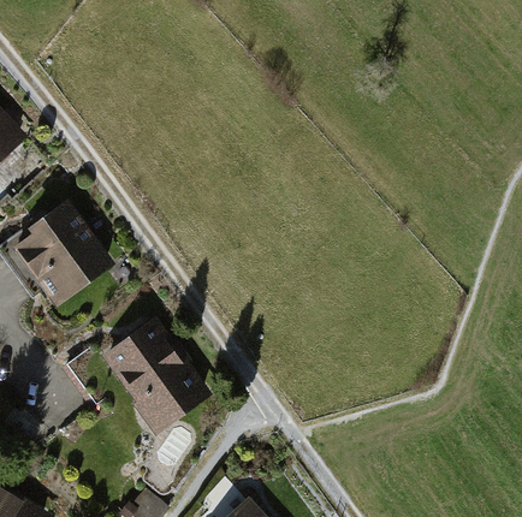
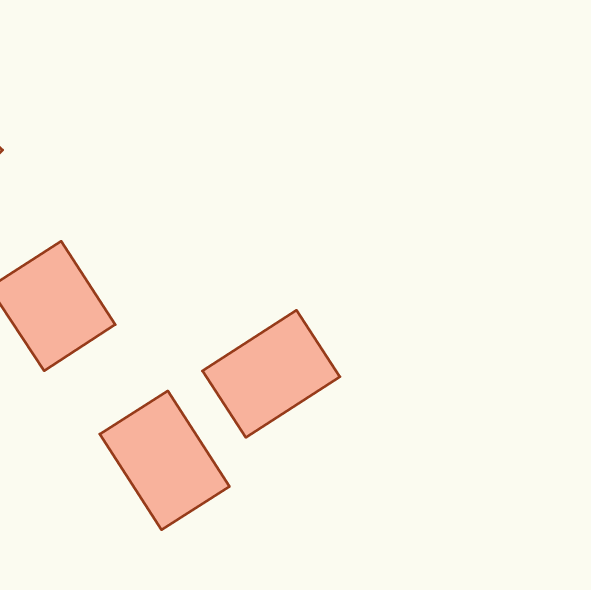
building: none -> [202,310,340,437]

